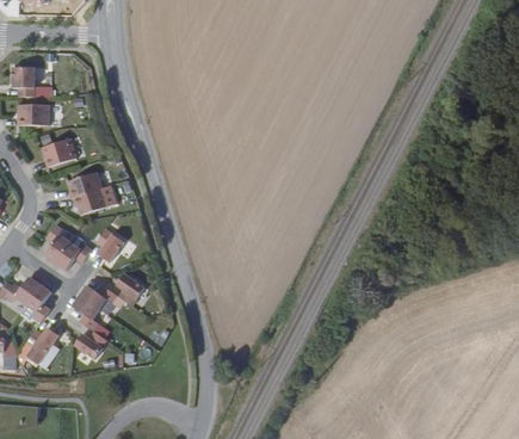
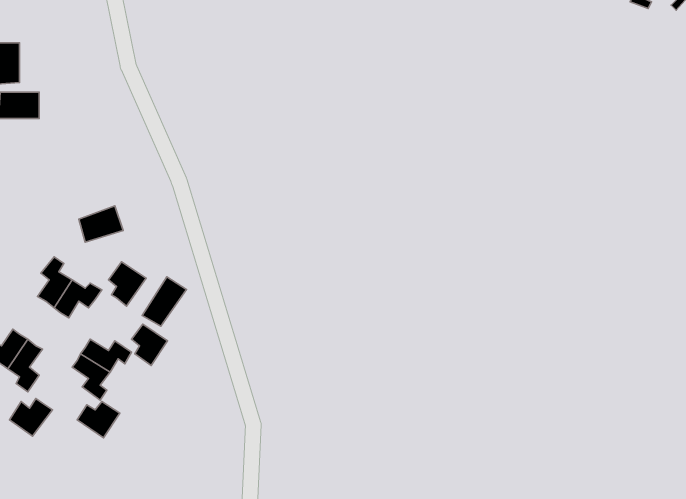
building: [39,140,73,167] -> none
building: [69,172,104,197] -> none
building: none -> [142,277,186,326]

